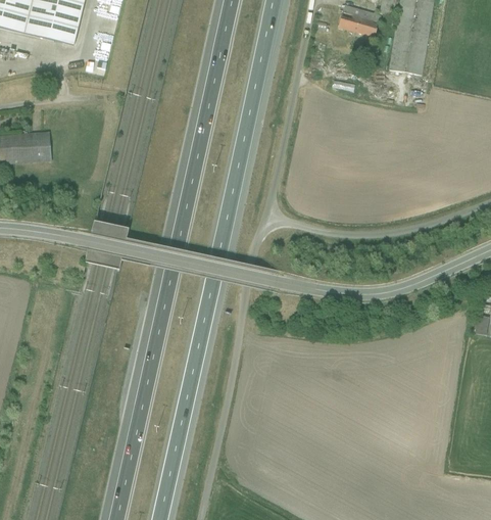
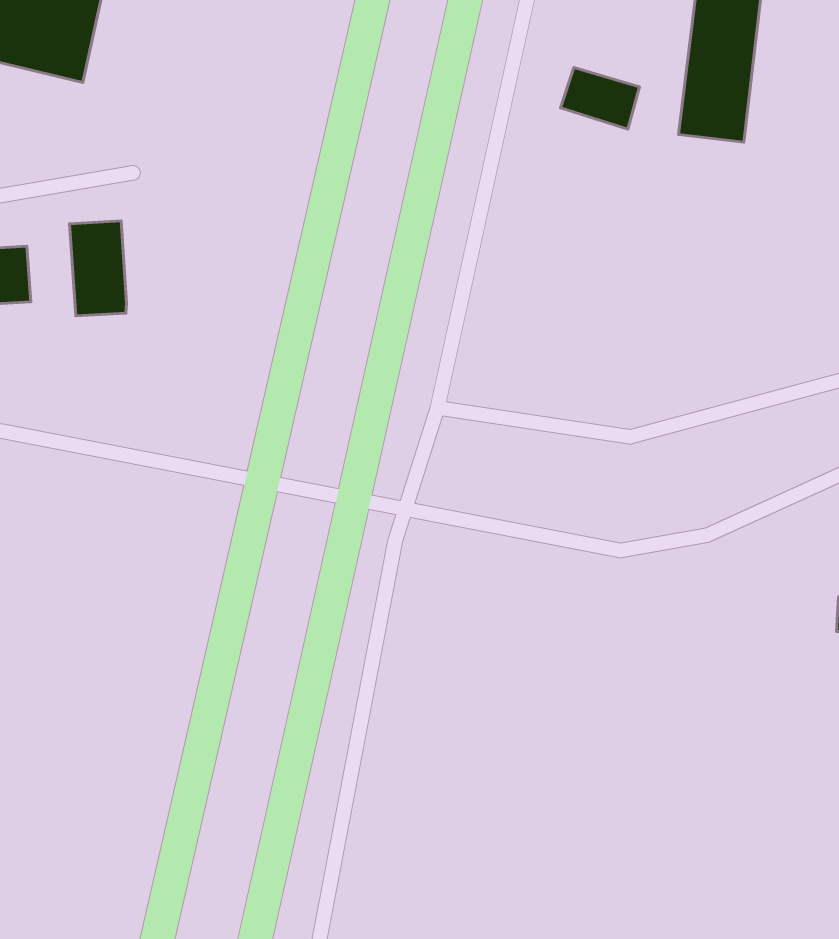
building: [336,5,378,38] -> [560,68,639,129]
building: none -> [70,221,126,316]

